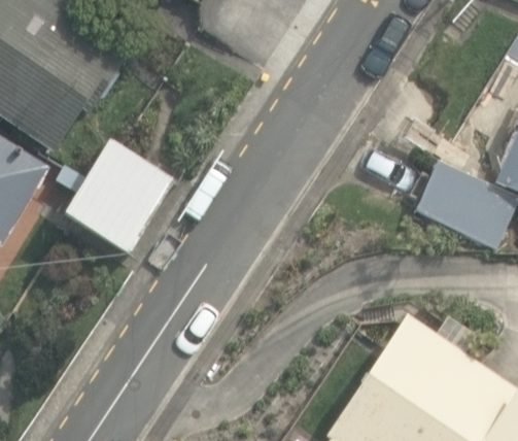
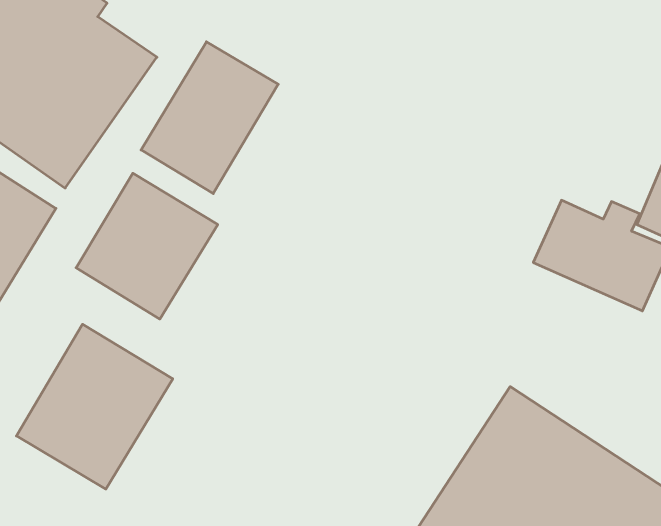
building: none -> [141,42,278,194]
building: none -> [16,324,173,489]

